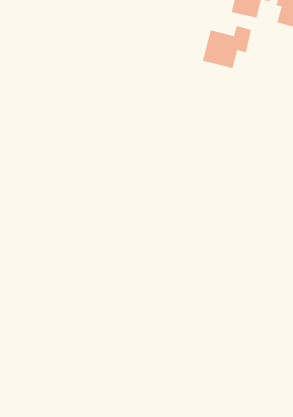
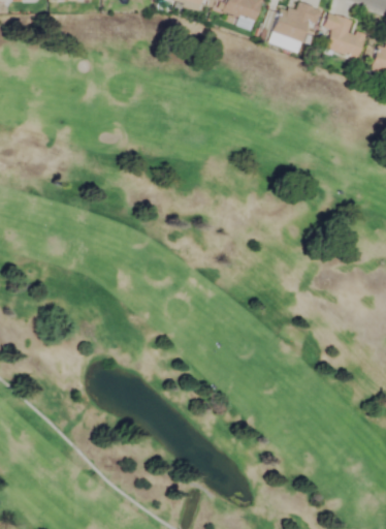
building: [202,25,252,69] -> none

